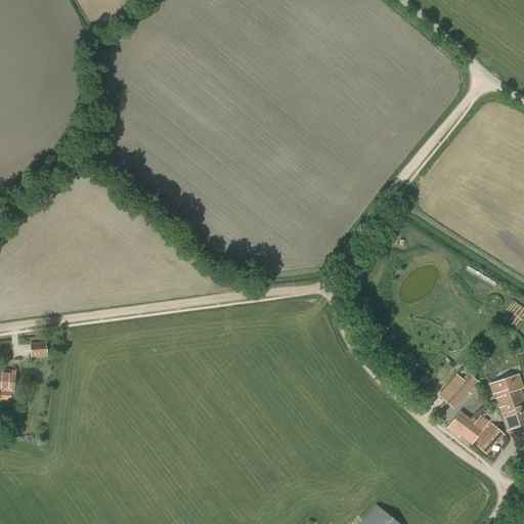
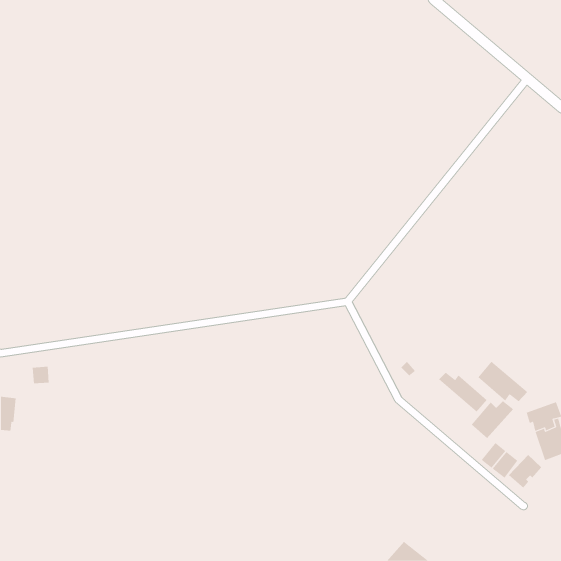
building: none -> [477,361,528,402]
building: none -> [438,372,488,412]

